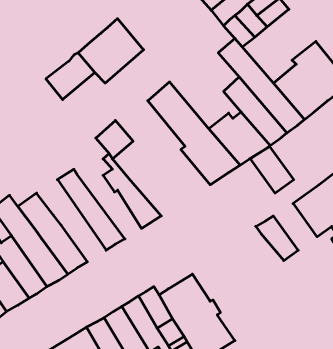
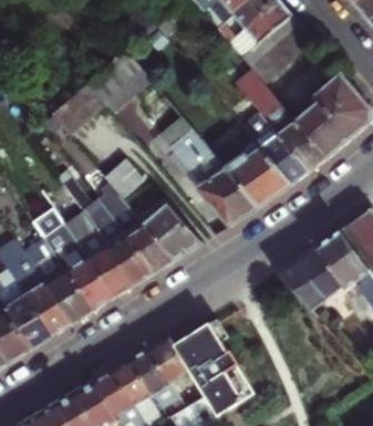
building: [250,146,294,193] -> [293,246,340,295]
building: none -> [139,198,201,259]
building: none -> [28,200,115,308]
building: none -> [84,209,153,283]

